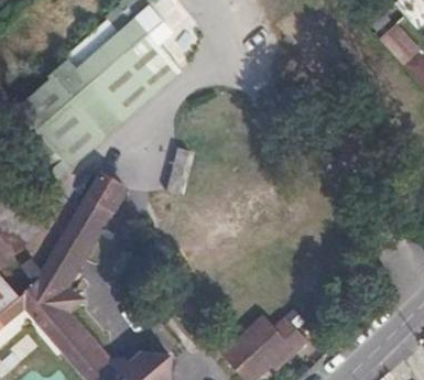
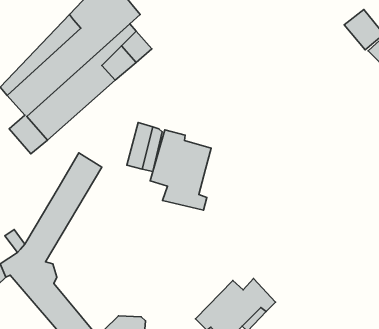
building: none -> [150,130,211,210]

